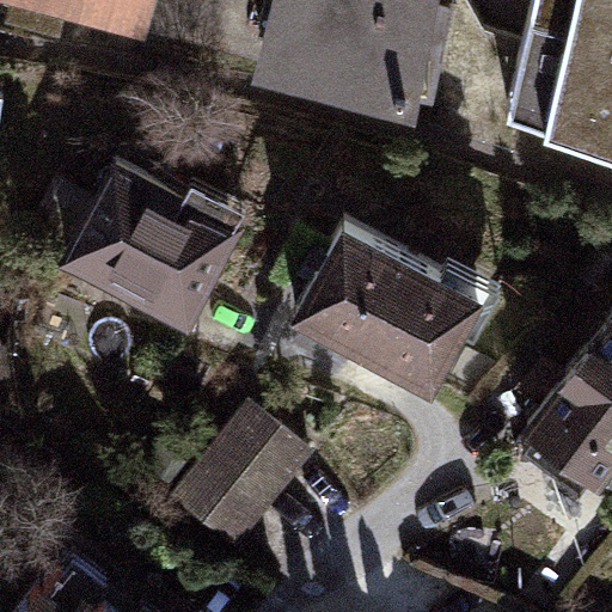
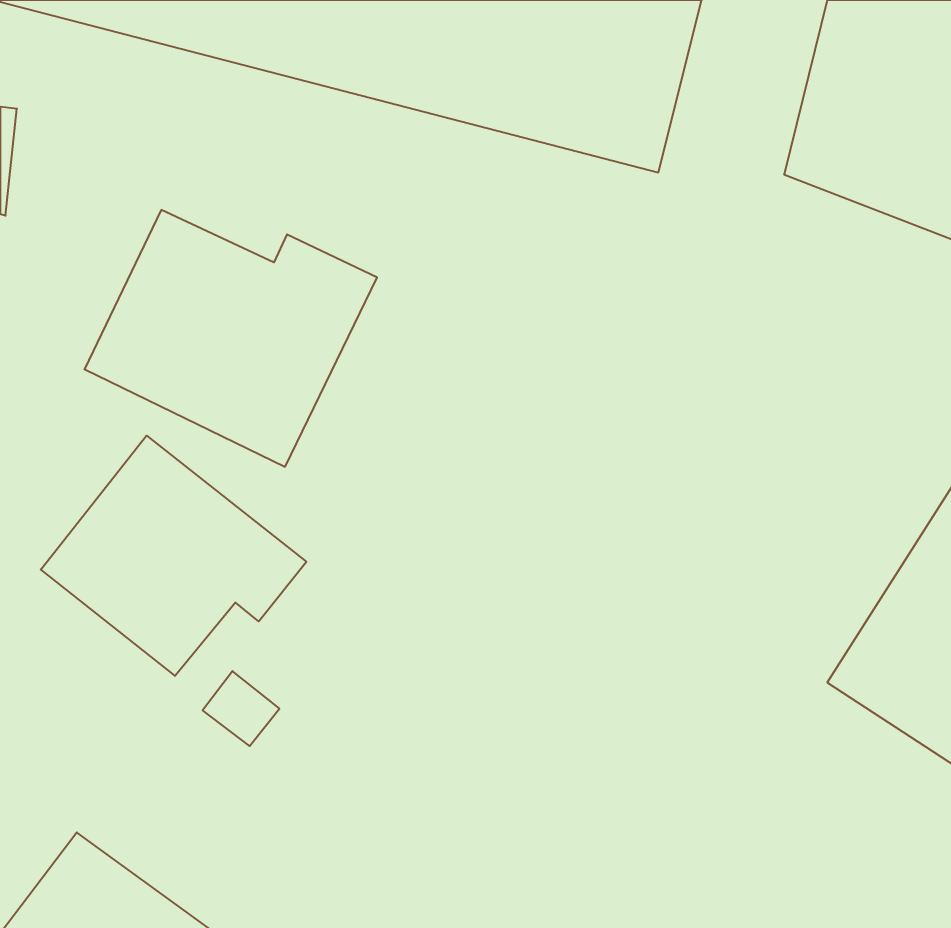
building: [299,218,491,387] -> none
building: none -> [41,436,306,676]
building: [166,406,312,558] -> none

